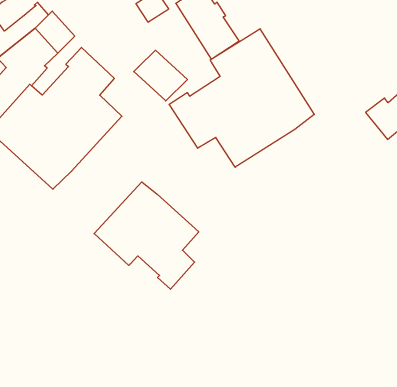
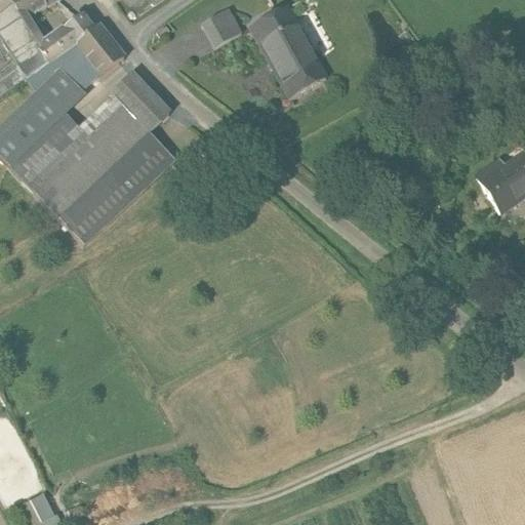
building: [169,29,314,167] -> none
building: [134,50,187,101] -> none
building: [94,182,199,289] -> none

